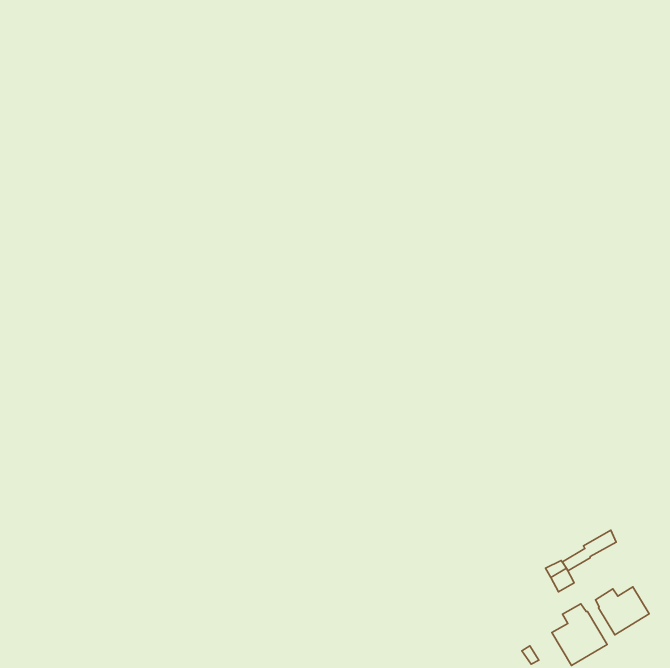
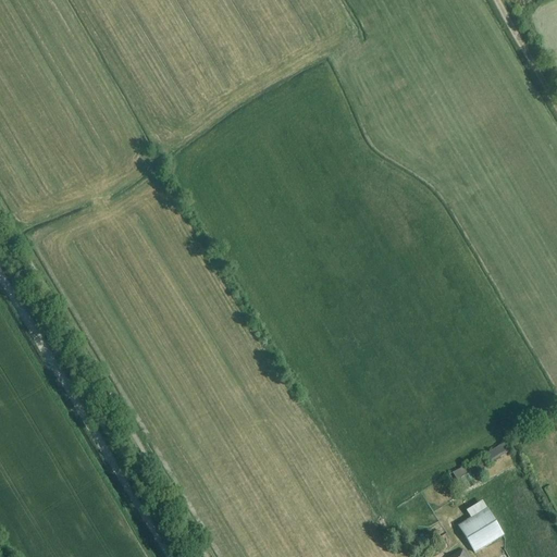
building: [595,587,649,635] -> none

